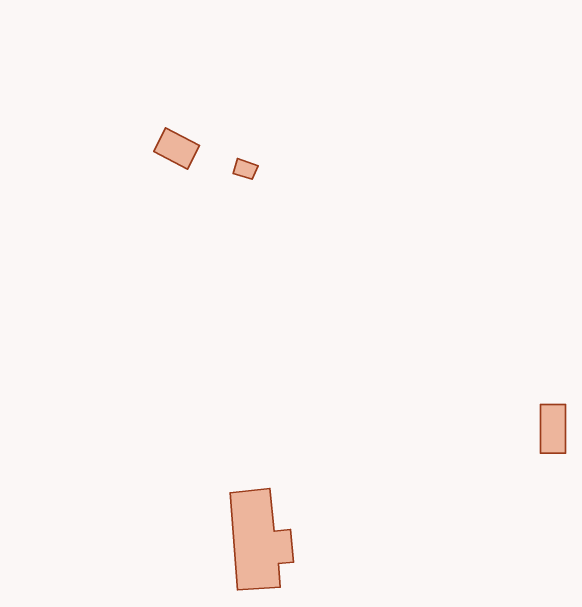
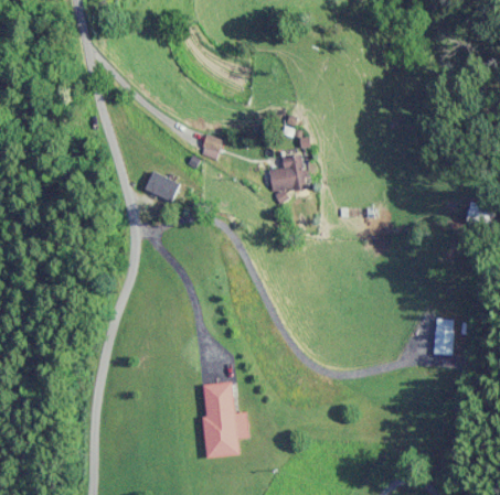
building: [154,128,199,169] -> [146,171,180,202]
building: none -> [269,155,304,192]

